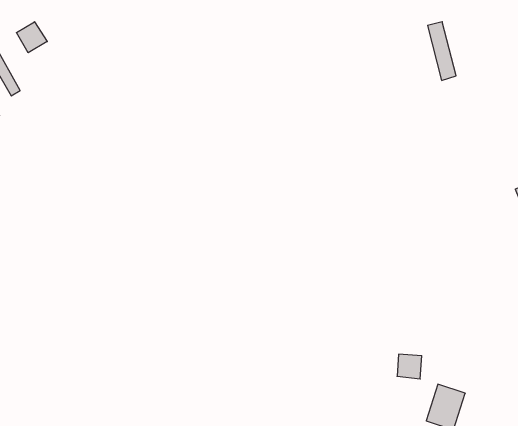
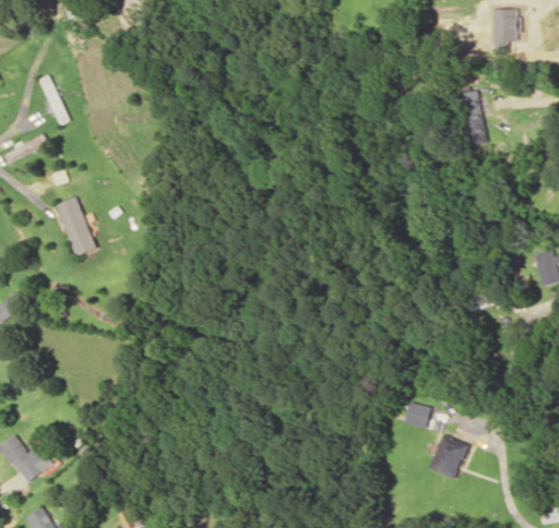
building: [16,22,47,53] -> none
building: none -> [55,196,97,256]

